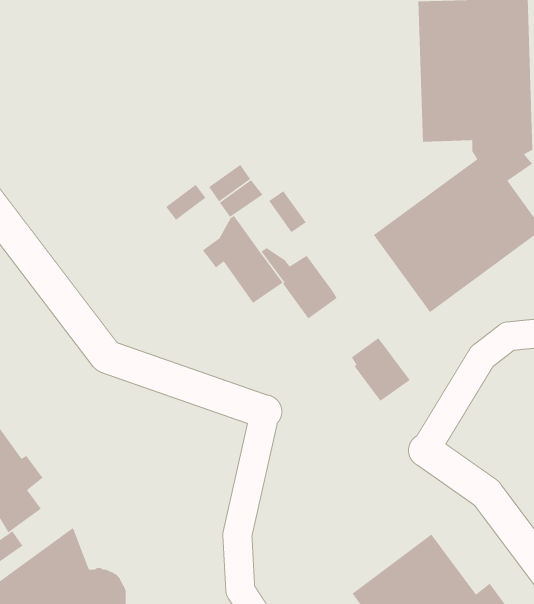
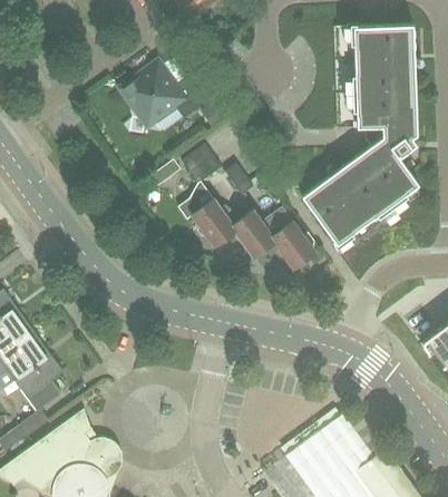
building: none -> [121,64,206,120]
building: [351,337,411,402] -> [272,222,315,269]

